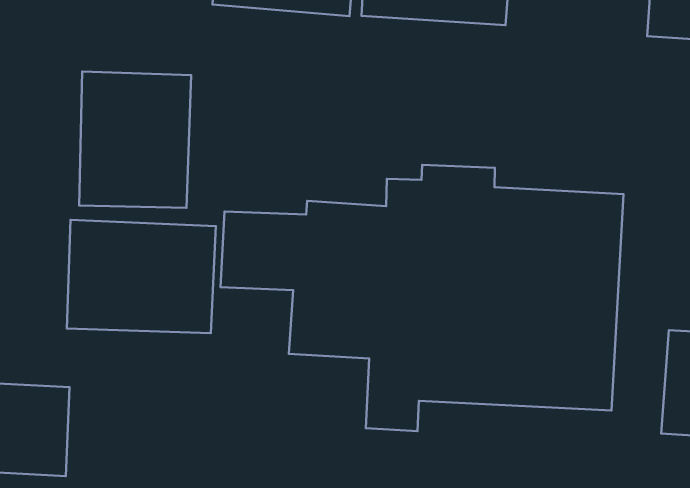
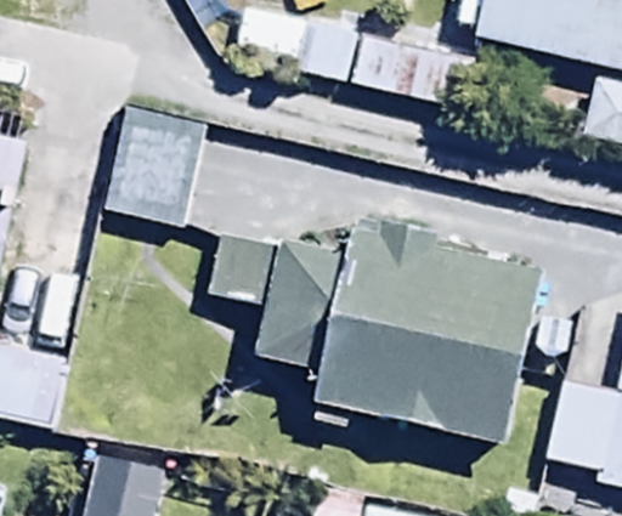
building: [67,220,216,333] -> none

